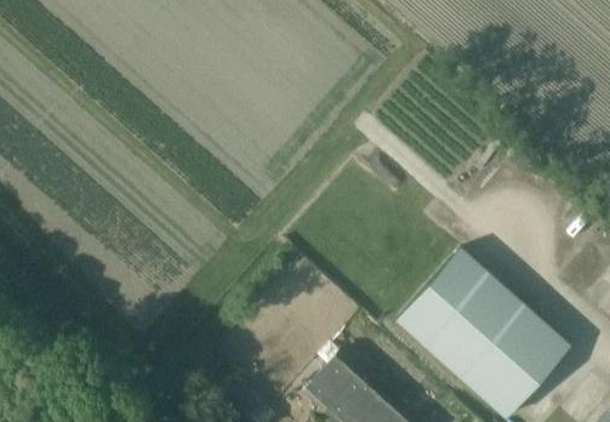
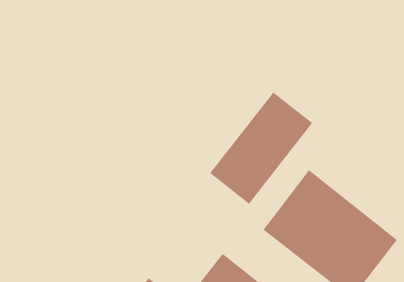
building: none -> [209,91,313,205]

